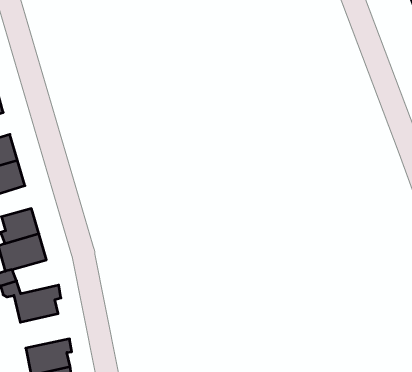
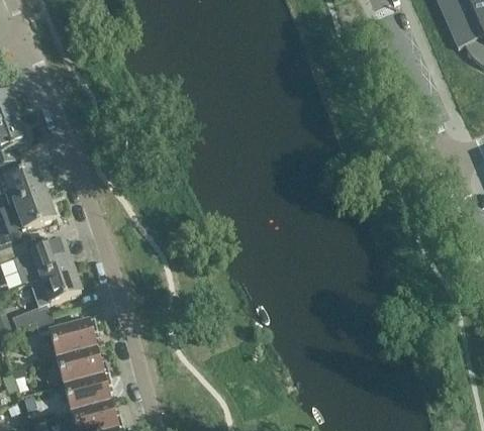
building: none -> [55,342,106,380]

